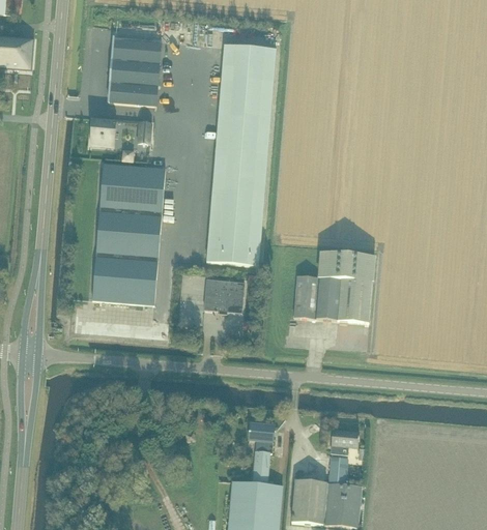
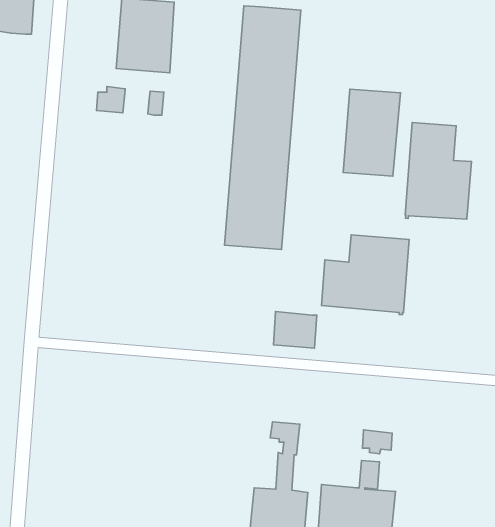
building: none -> [343,89,400,176]
building: none -> [405,122,471,219]
building: [92,163,165,304] -> none
building: [204,278,244,312] -> [273,312,317,348]

